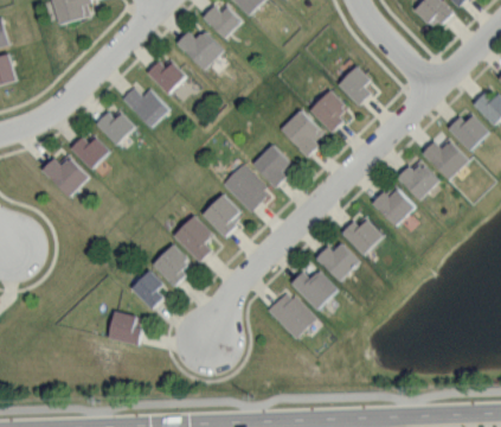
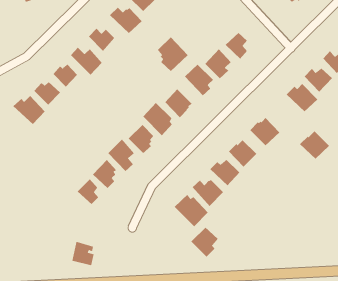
building: none -> [157,37,188,72]
building: [397,159,439,199] -> [299,131,330,160]
building: [109,311,141,345] -> [72,241,95,266]
building: none -> [191,227,218,258]

